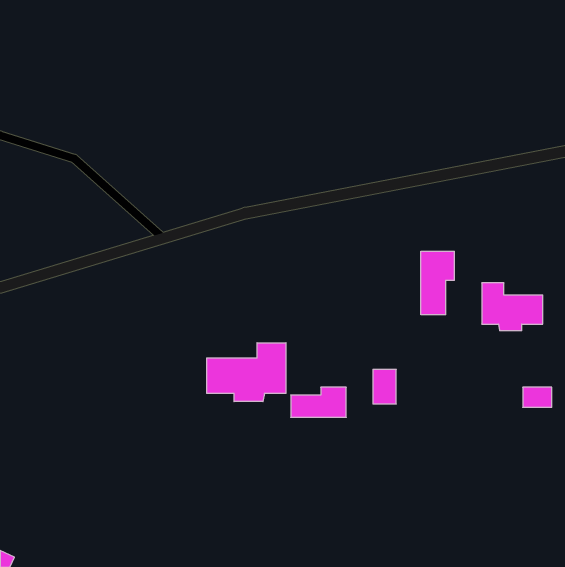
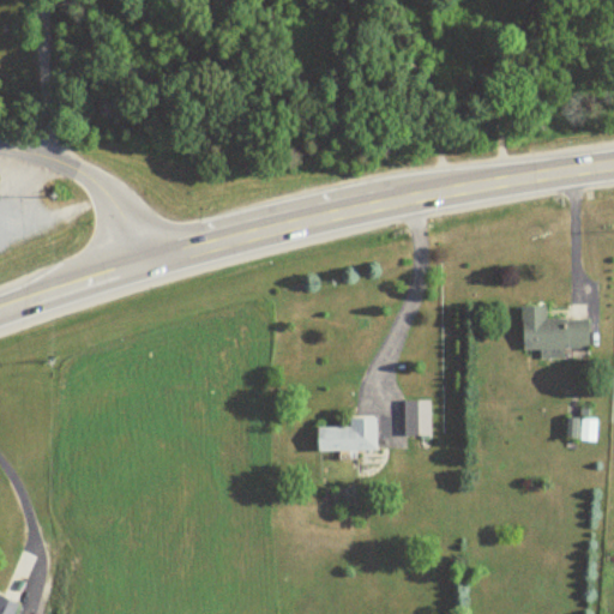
building: [421,251,454,315] -> none
building: [207,343,286,402] -> none

